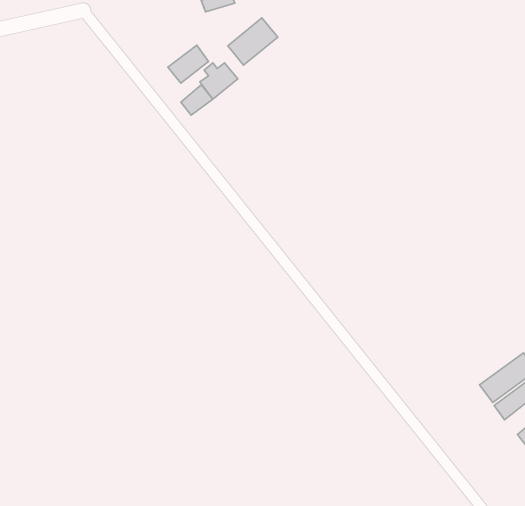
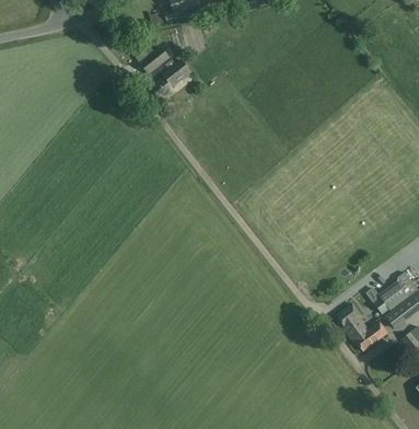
building: [228,18,278,65] -> none
building: none -> [338,302,388,349]

